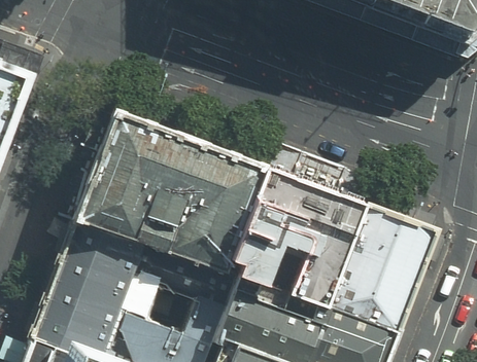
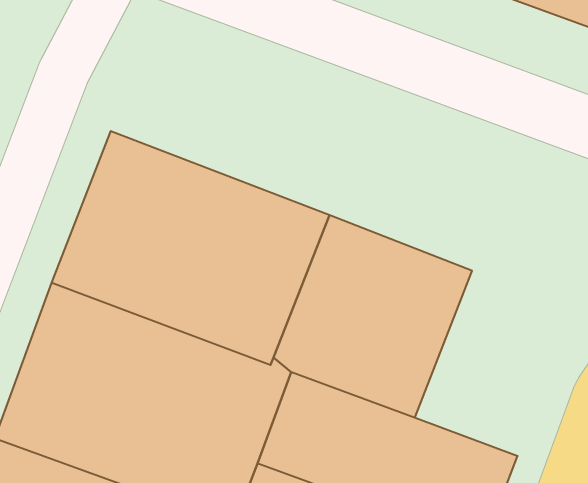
building: [330,204,438,333] -> none

